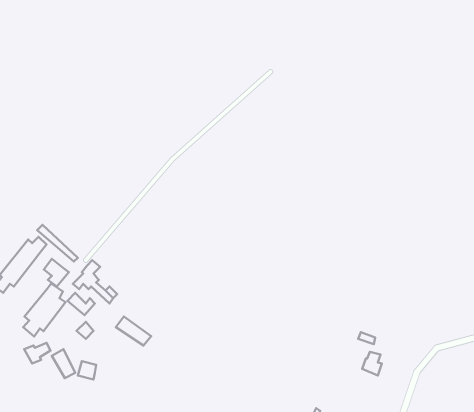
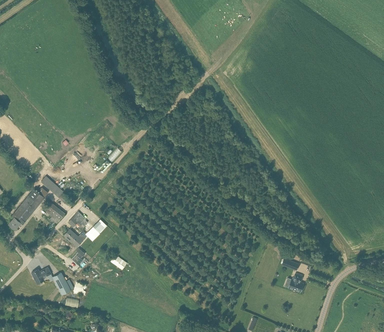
building: [23,284,65,337] -> none

